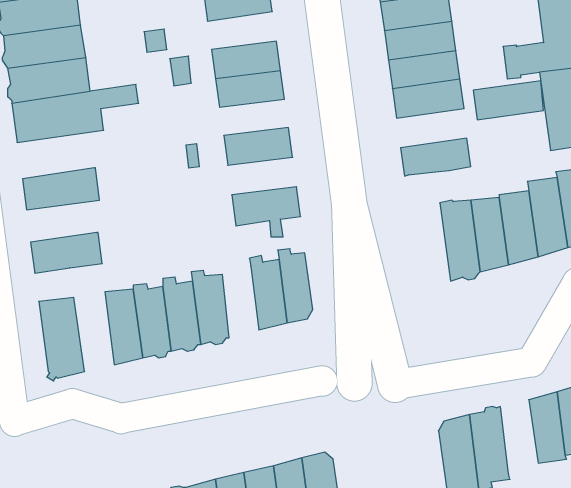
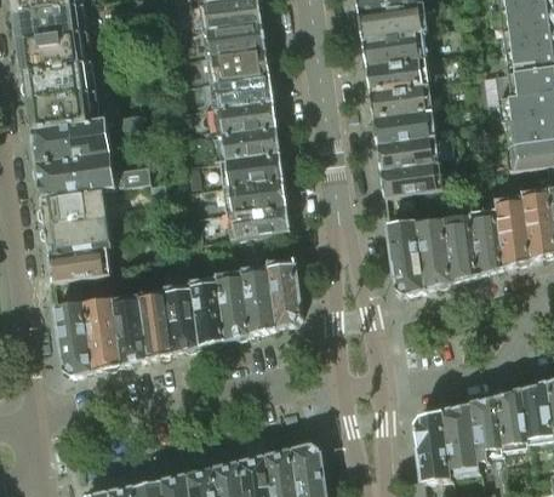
building: none -> [181,47,268,84]
building: [473,81,543,120] -> [376,135,439,170]
building: none -> [217,126,279,159]
building: none -> [35,154,152,198]
building: none -> [224,178,286,212]
building: none -> [44,217,114,255]
building: none -> [387,219,424,296]
building: none -> [218,273,252,341]
building: none -> [86,299,122,372]
building: none -> [469,396,503,463]

